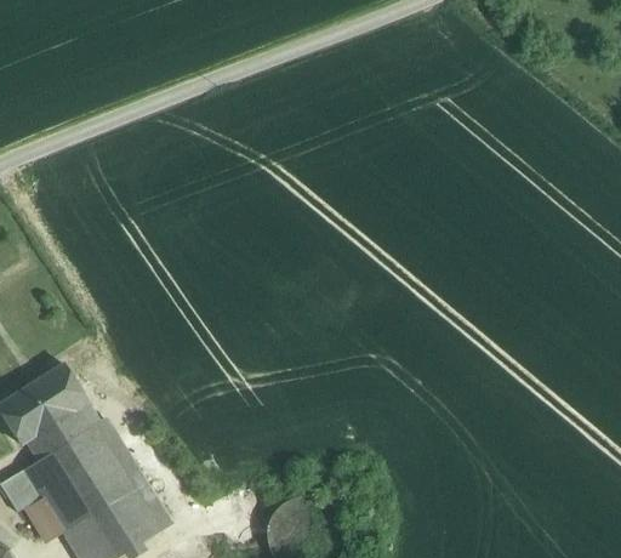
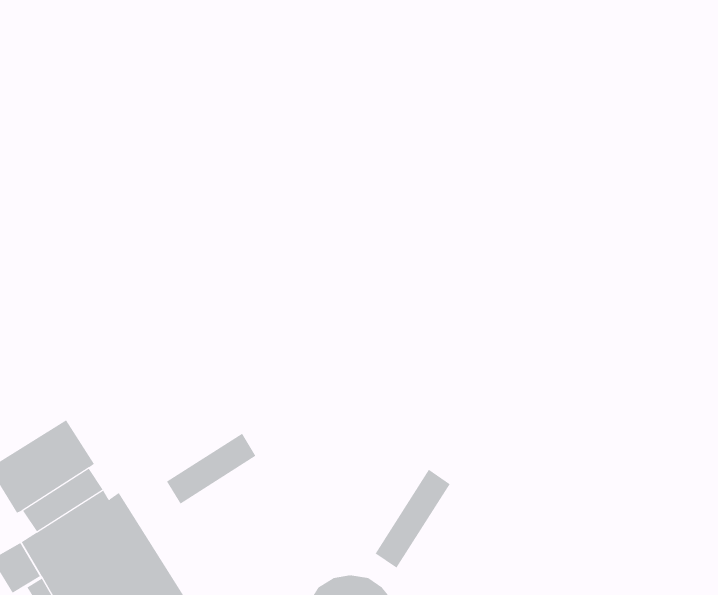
building: none -> [166,433,256,505]
building: none -> [375,469,451,569]

